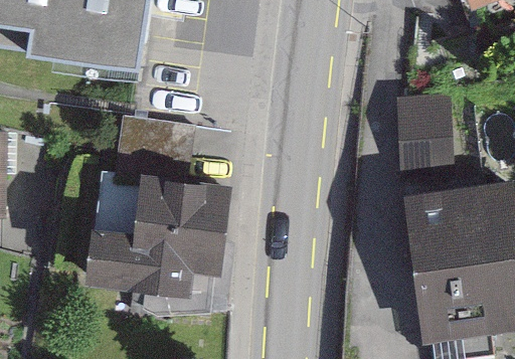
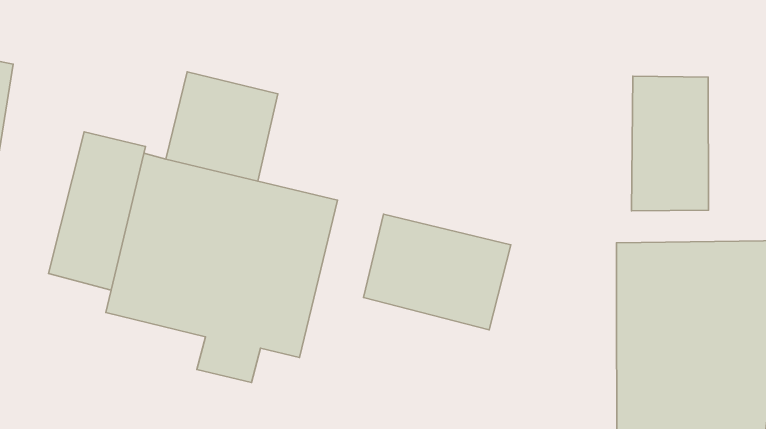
building: none -> [48,132,146,290]
building: none -> [363,214,511,330]

